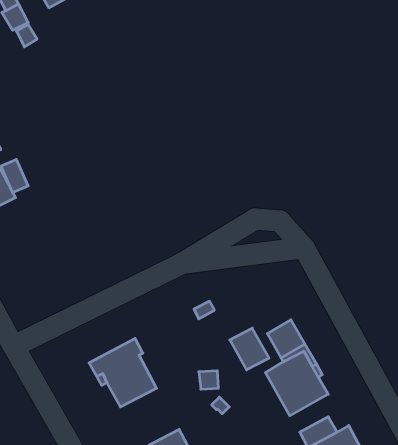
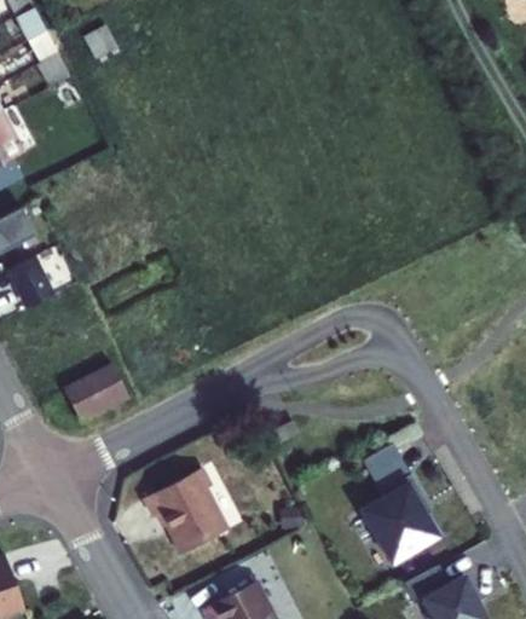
building: none -> [62,364,128,422]
building: [230,328,269,370] -> none

